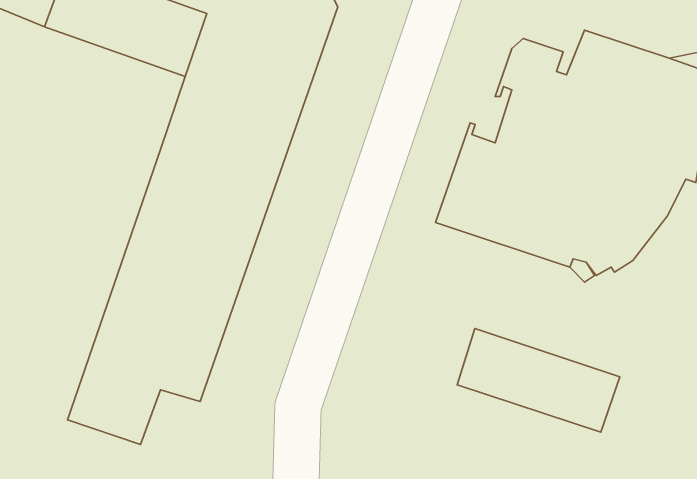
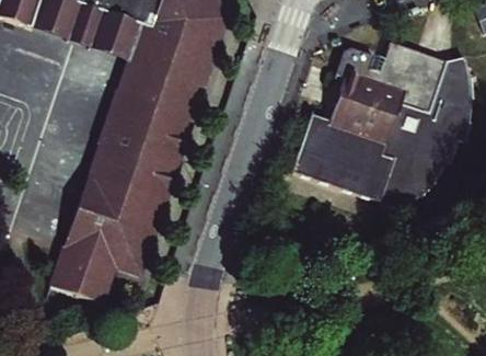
building: [457,329,620,432] -> none

